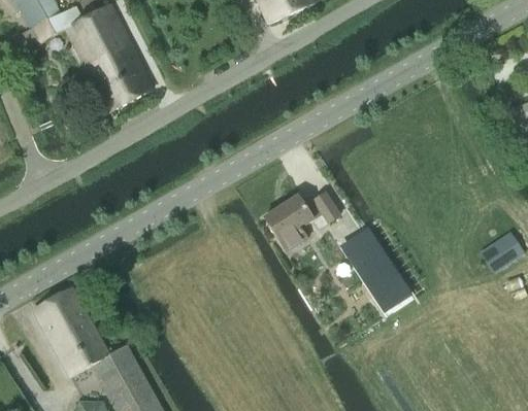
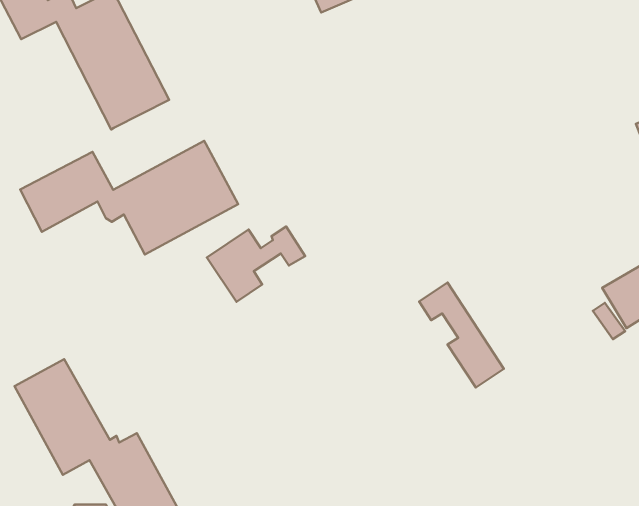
building: none -> [20,141,238,254]
building: [264,193,339,250] -> [207,227,305,302]

